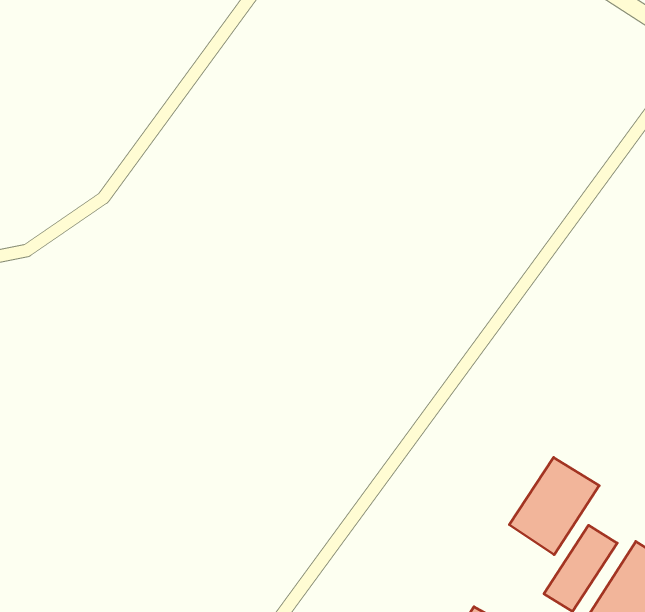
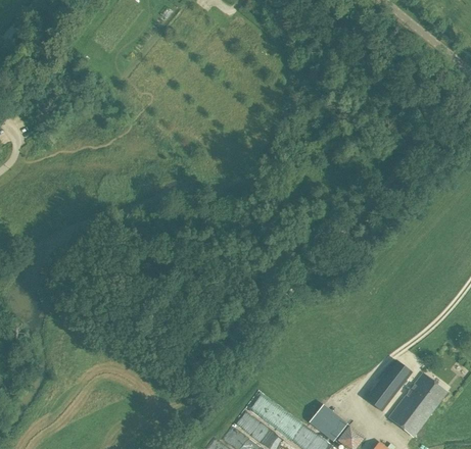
building: [509,457,599,555] -> none

